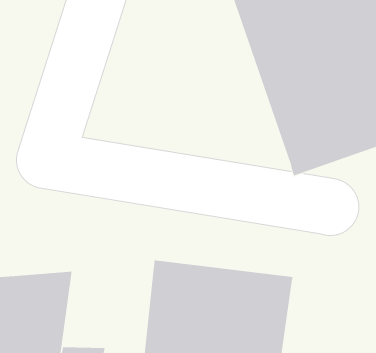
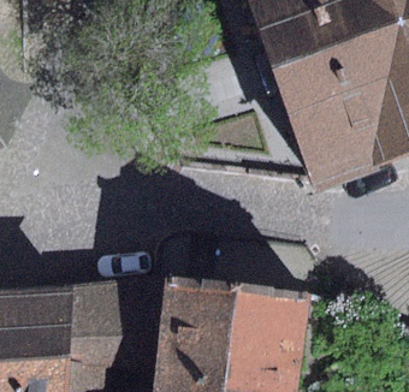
building: none -> [67,274,164,367]

